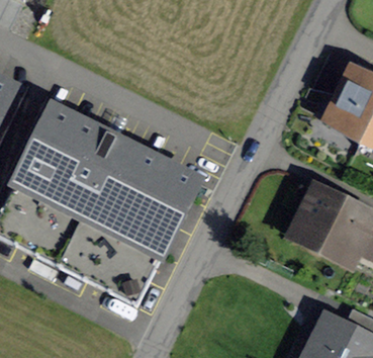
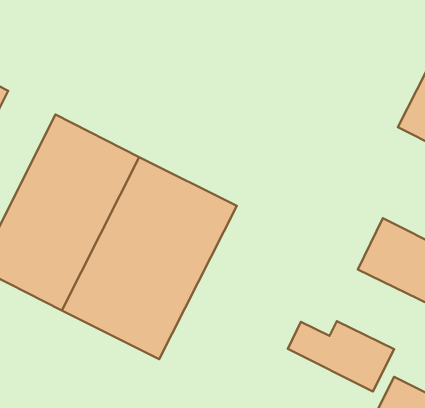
building: none -> [288,321,394,392]

